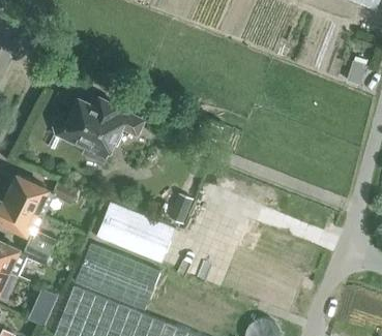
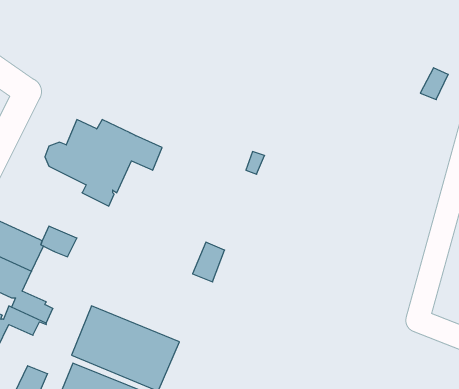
building: [94,202,175,261] -> none

